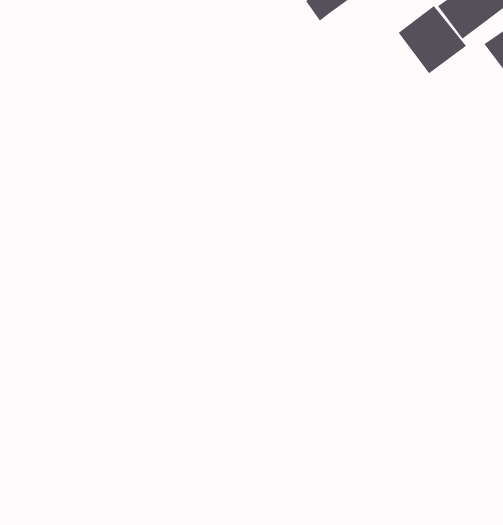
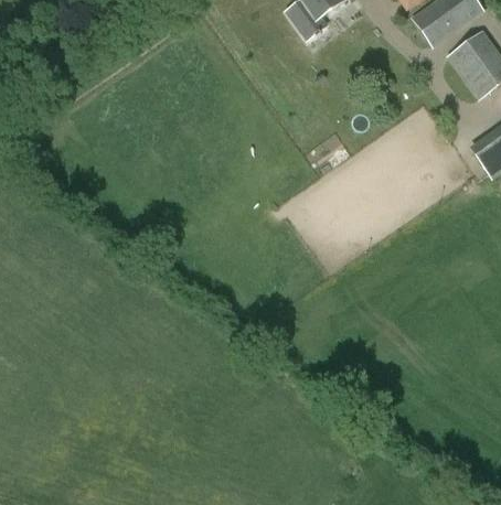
building: [398,5,467,74] -> none

